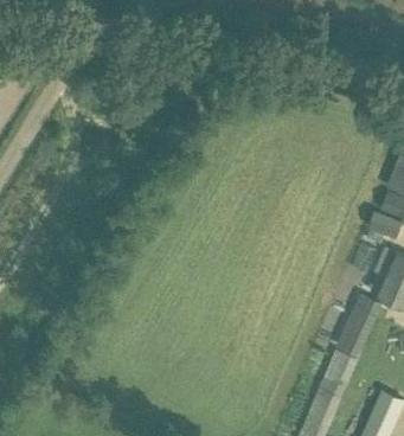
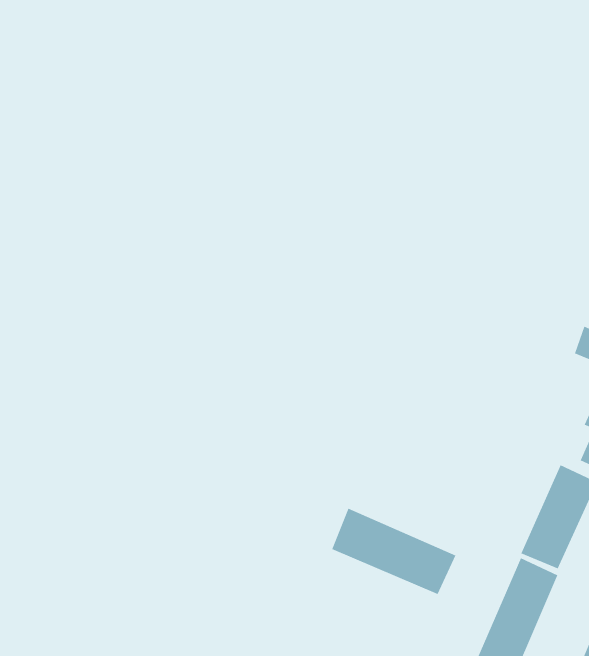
building: none -> [331,508,456,595]

